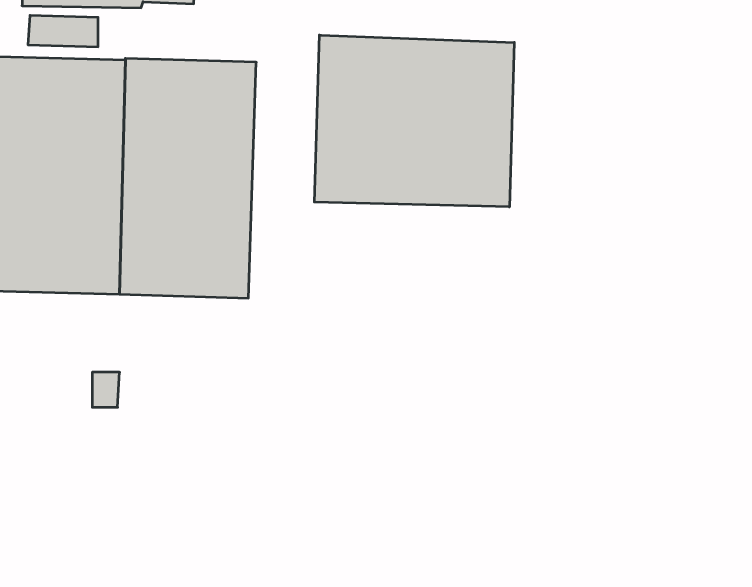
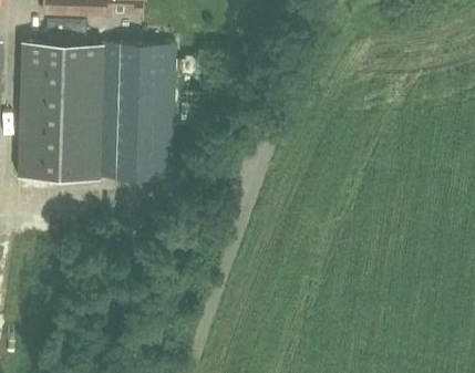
building: [314,35,514,207] -> none

